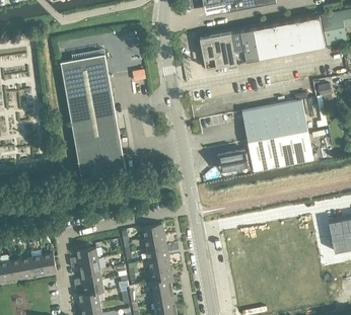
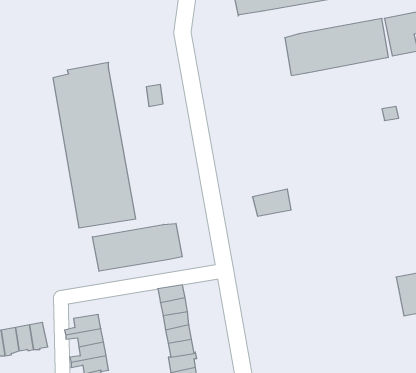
building: [199,32,247,71] -> none
building: [241,101,312,172] -> none
building: none -> [92,223,182,271]

